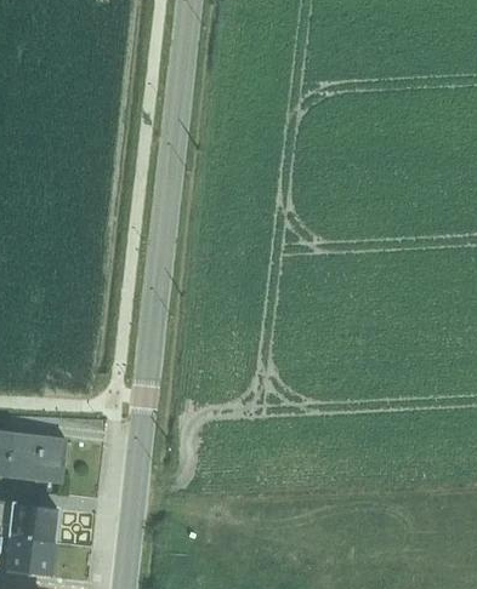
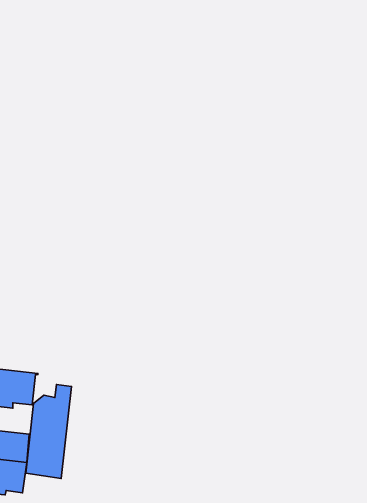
building: none -> [26,384,71,478]

